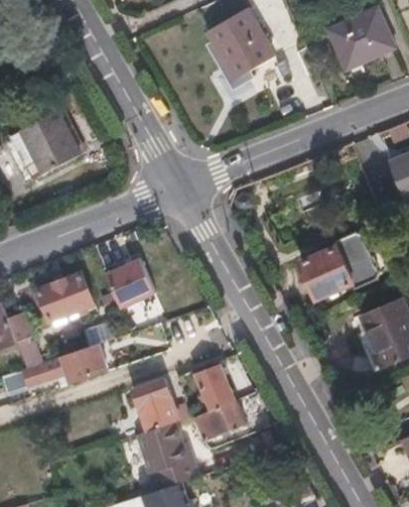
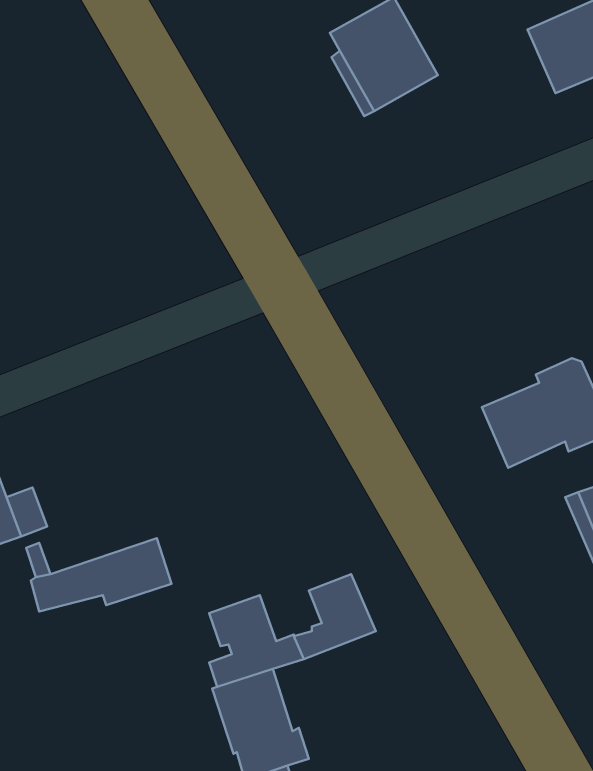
building: [9,110,81,179] -> none
building: [107,260,155,308] -> none
building: [37,272,95,322] -> none
building: [191,400,246,443] -> none

